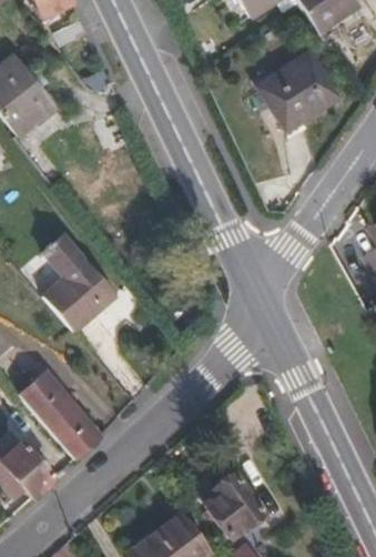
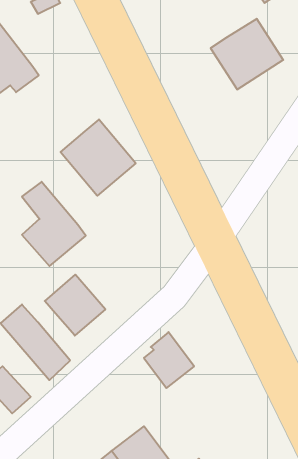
building: none -> [61,119,136,196]
building: none -> [45,275,105,336]
building: [204,474,261,537] -> [144,332,194,388]

